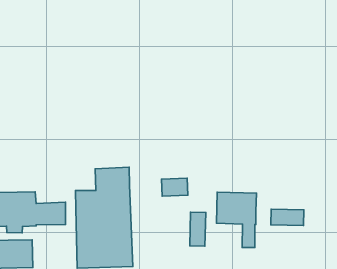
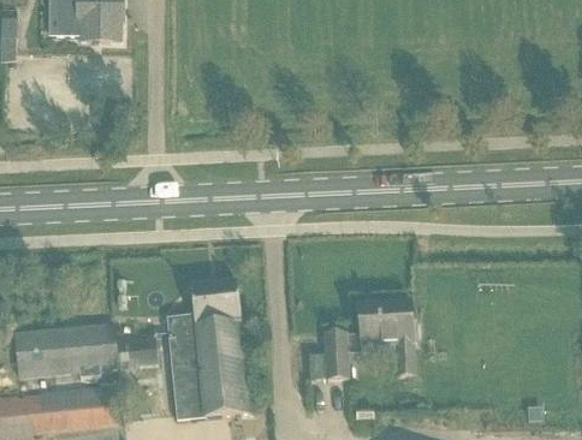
building: [162,178,188,196] -> none
building: [271,209,304,225] -> none

